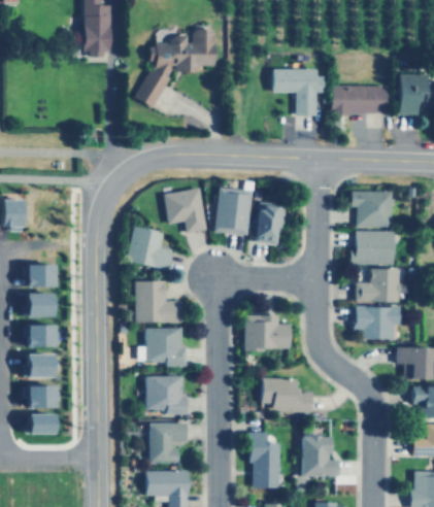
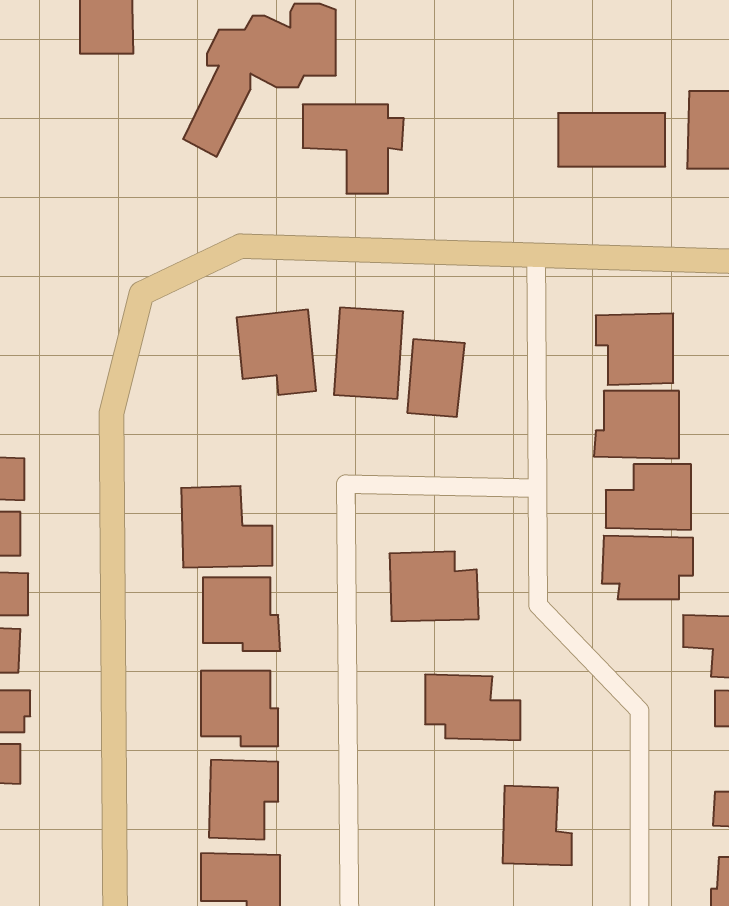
building: [273,70,326,116] -> [303,104,404,194]
building: [130,228,173,268] -> none
building: [247,434,281,487] -> none

